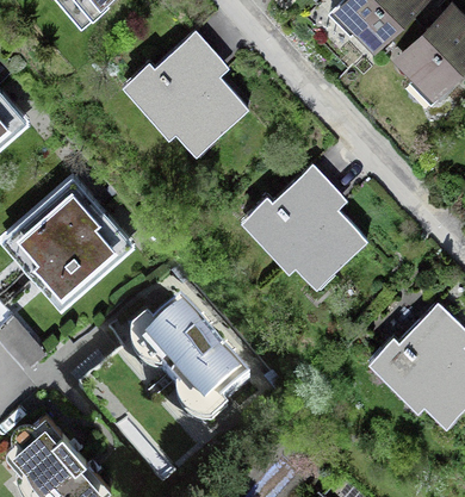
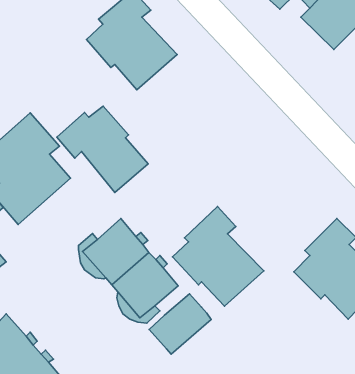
building: [259,163,367,281] -> [172,207,264,306]
building: none -> [57,106,148,192]
building: none -> [149,294,211,354]

